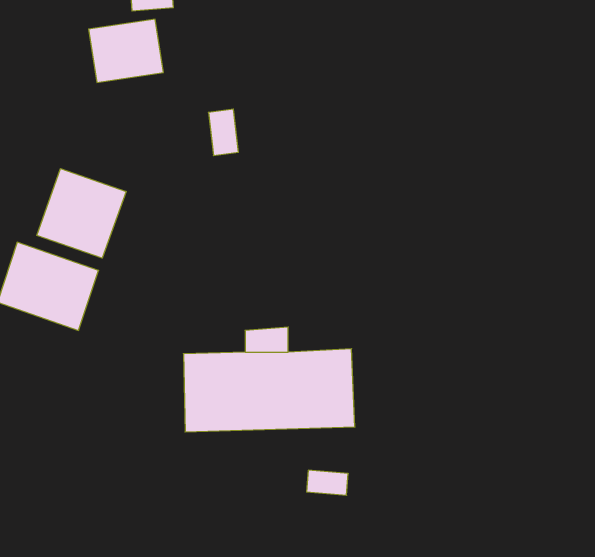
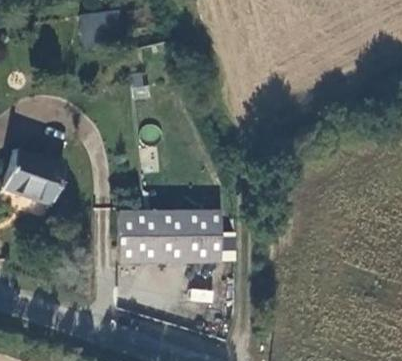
building: [37,169,126,258] -> none

